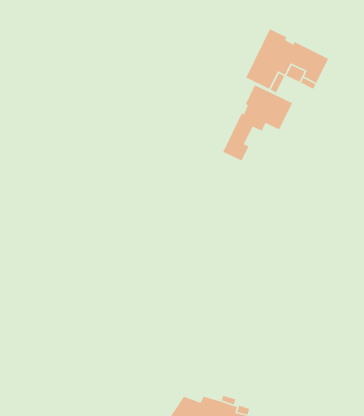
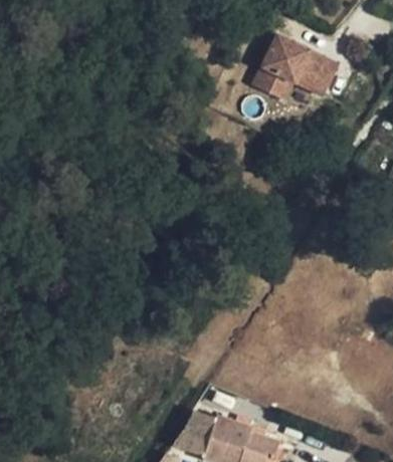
building: [222,84,293,162] -> none

